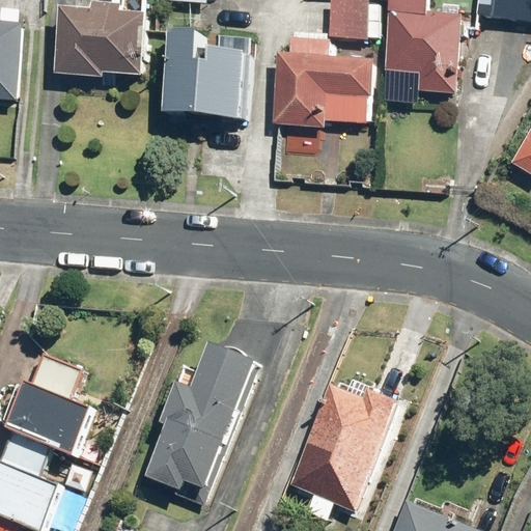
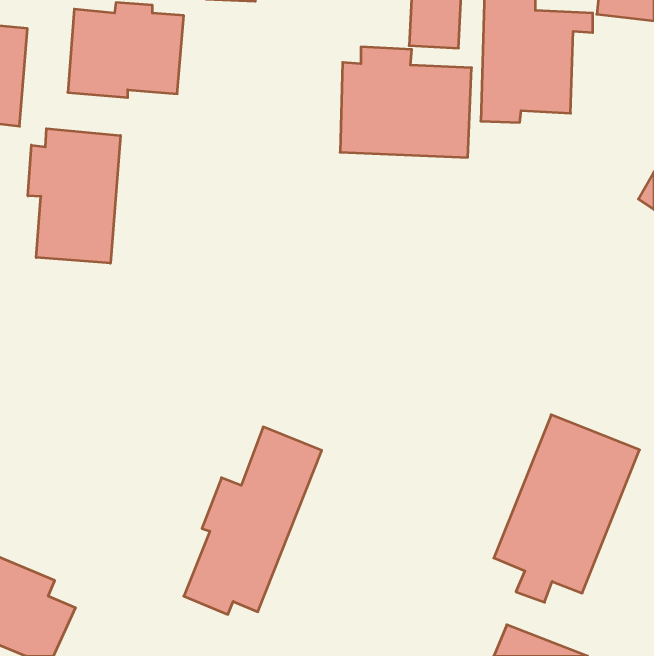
building: [159,28,249,122] -> none
building: none -> [28,129,120,263]
building: [7,350,101,456] -> none
building: [286,367,402,516] -> [494,415,640,602]

